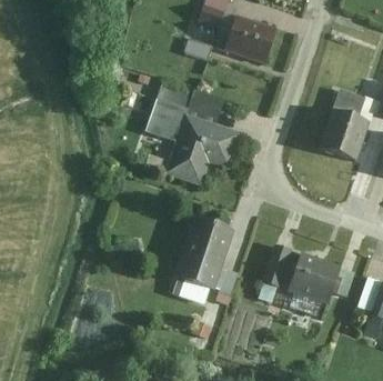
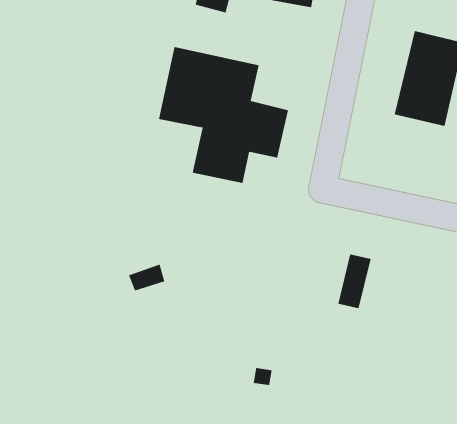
building: [169,217,239,304] -> none
building: [284,253,337,315] -> none

